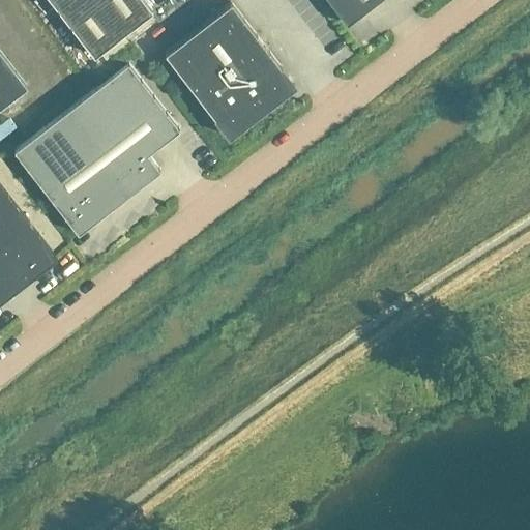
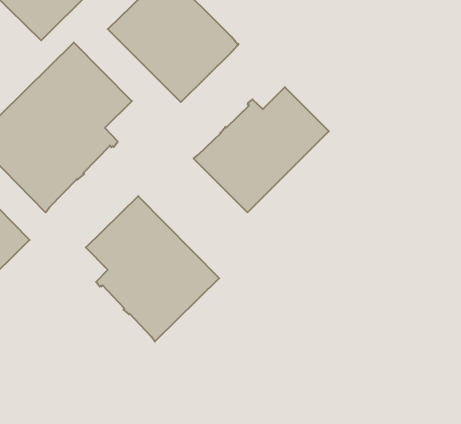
building: none -> [194,87,329,212]
building: none -> [86,196,219,342]

